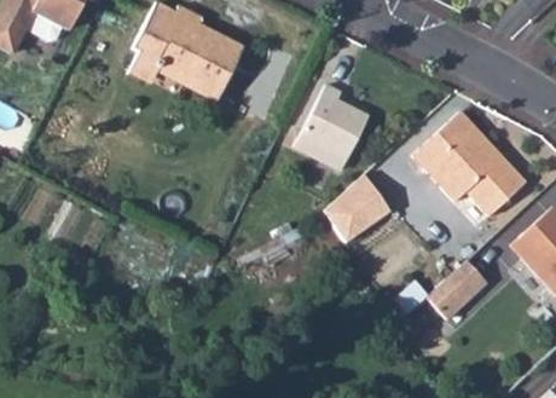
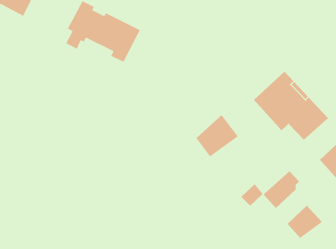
building: [299,85,367,161] -> none
building: none -> [287,205,323,239]

